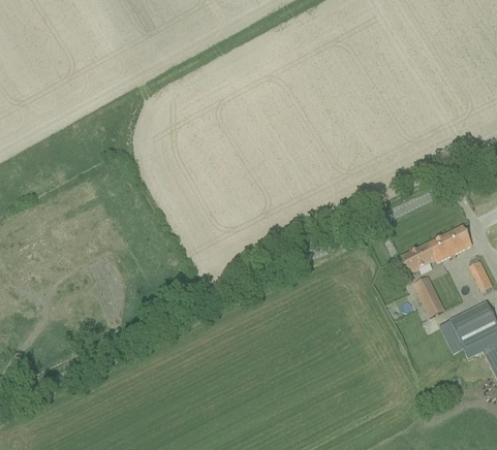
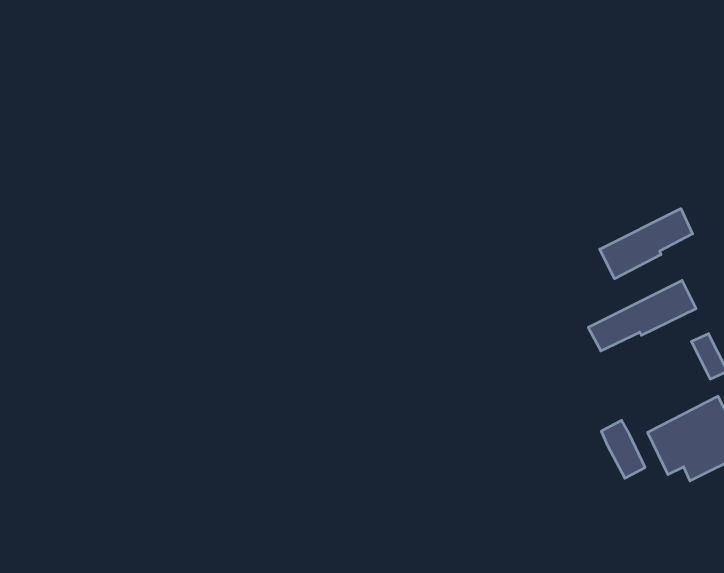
building: none -> [600,209,693,279]
building: [414,278,443,316] -> [601,420,645,478]

